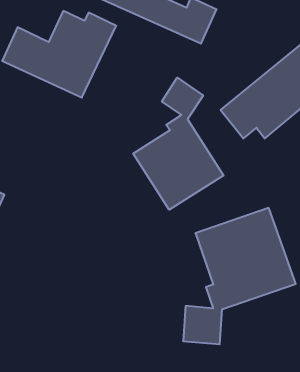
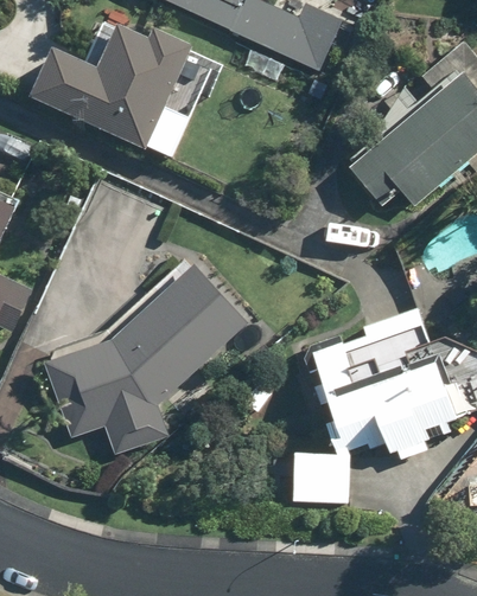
building: [133,78,224,210] -> none
building: none -> [44,263,250,455]

